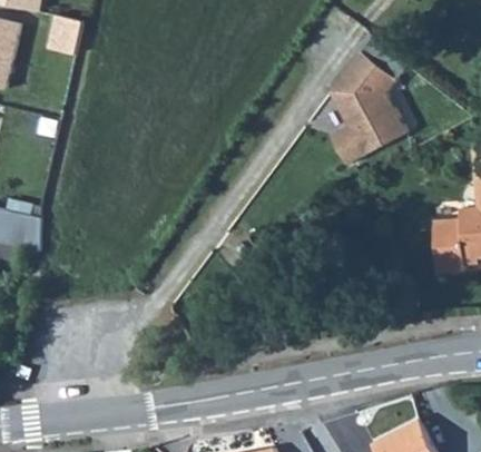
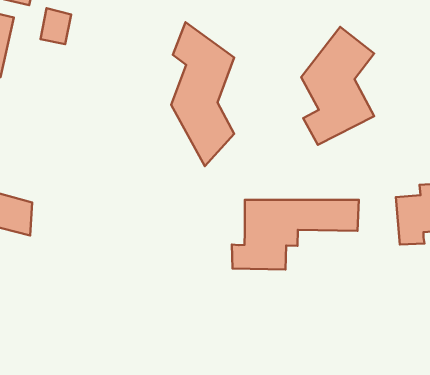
building: none -> [171,22,234,166]
building: none -> [232,200,359,270]

